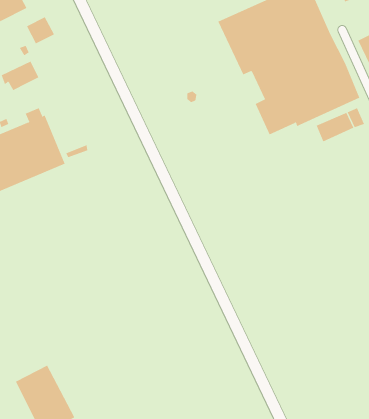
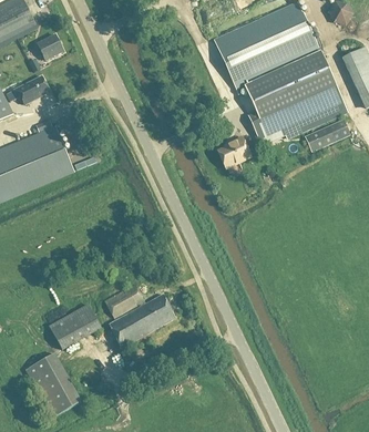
building: none -> [217,136,250,167]
building: none -> [104,284,175,347]
building: none -> [49,307,100,349]

